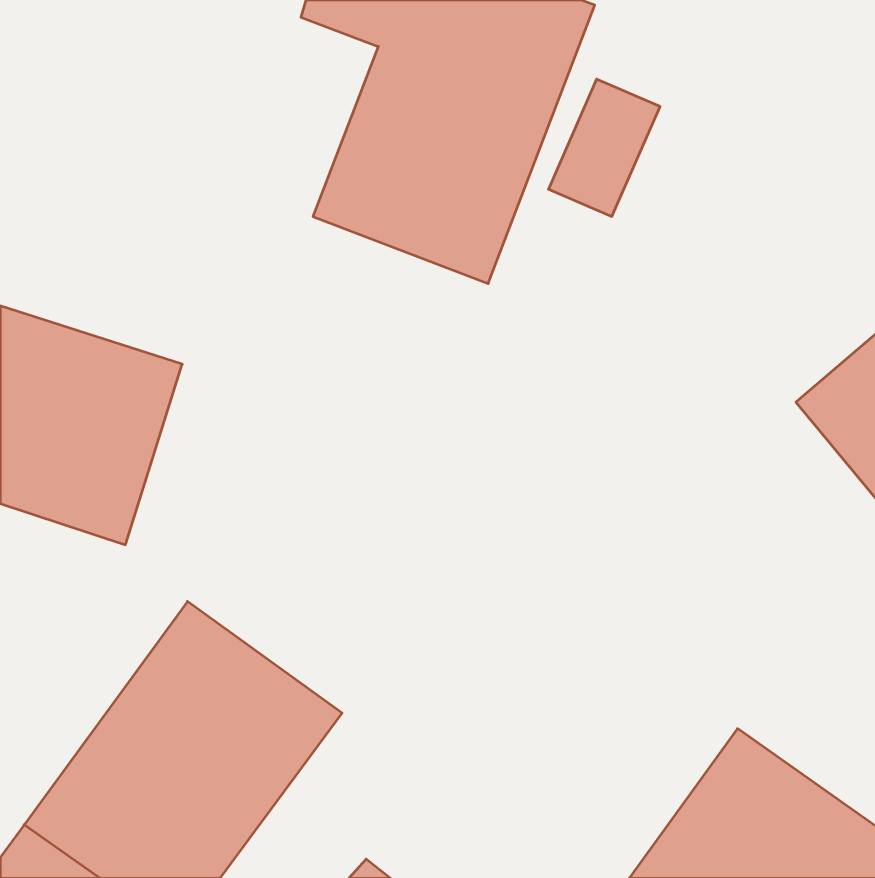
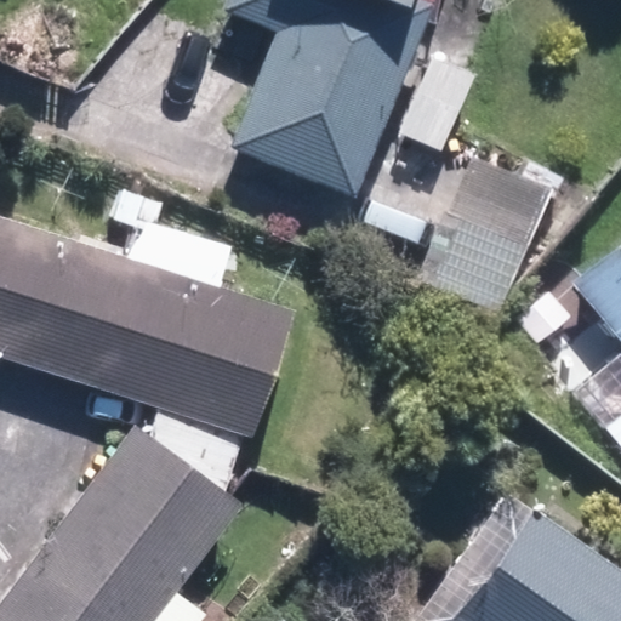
building: none -> [415,156,545,315]
building: none -> [91,257,297,438]

